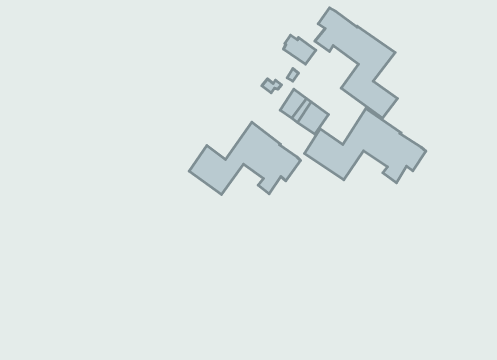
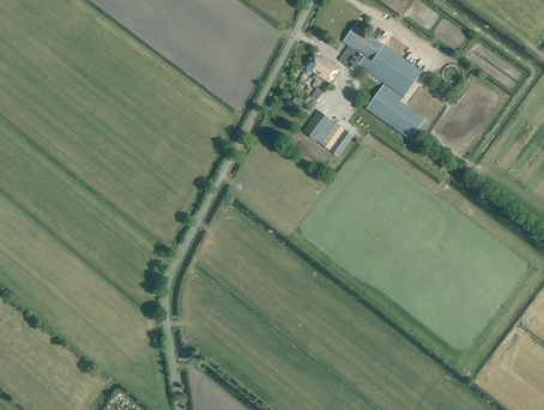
building: [304,108,426,183] -> none
building: [189,122,301,195] -> none

